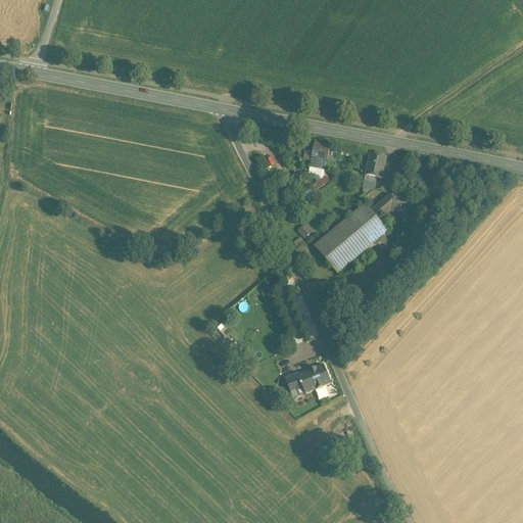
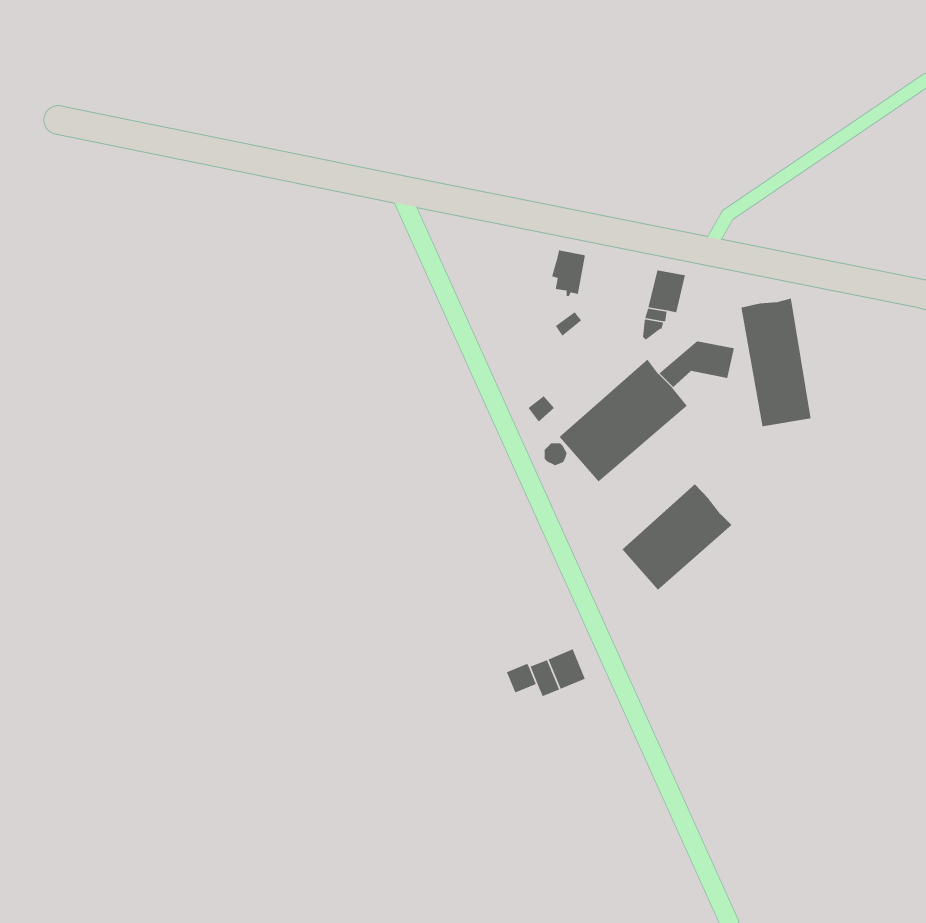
building: none -> [741,298,812,427]
building: none -> [622,484,732,591]

